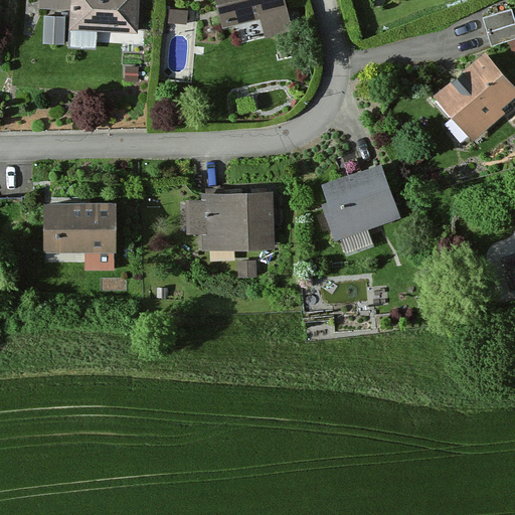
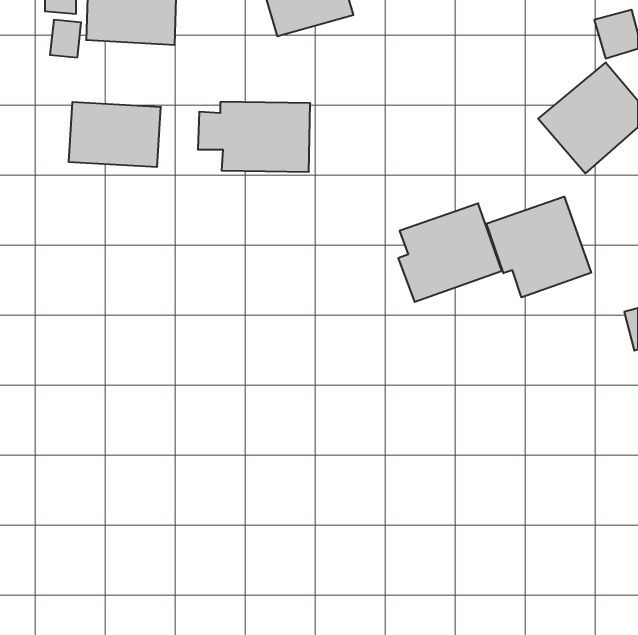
building: none -> [487,197,591,297]
building: [184,194,275,250] -> [198,102,310,172]
building: [42,202,117,254] -> [69,102,161,167]

